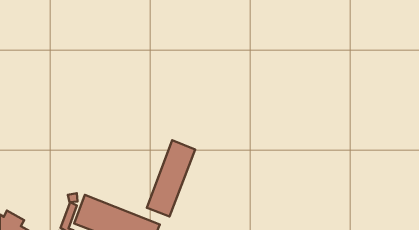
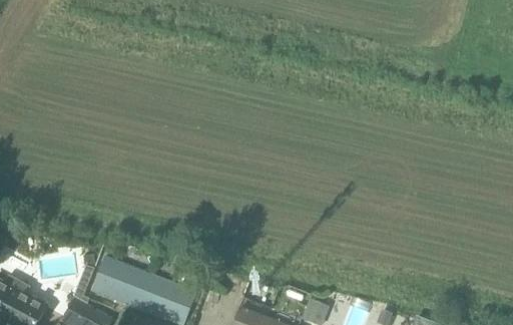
building: [147,140,195,217] -> none

